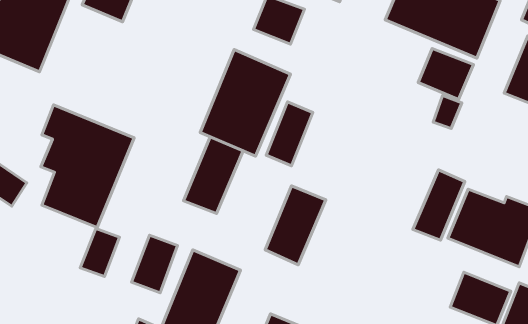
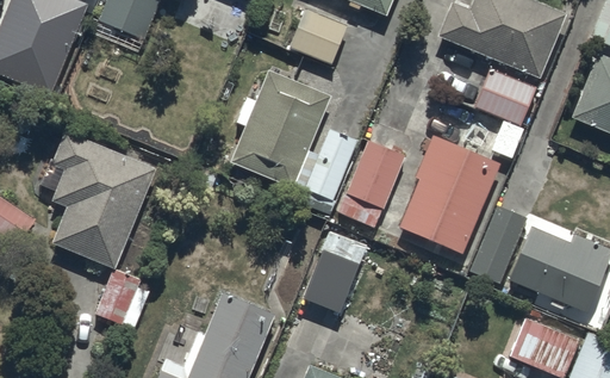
building: none -> [399,135,499,253]
building: [184,137,243,214] -> [337,140,404,225]
building: [132,235,177,293] -> none

